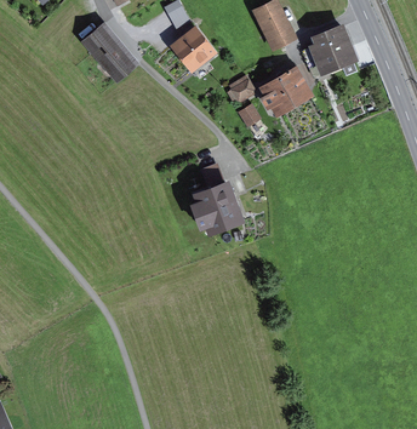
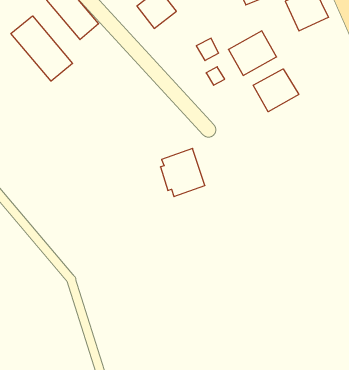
building: none -> [11,16,73,81]
building: none -> [253,69,299,112]

